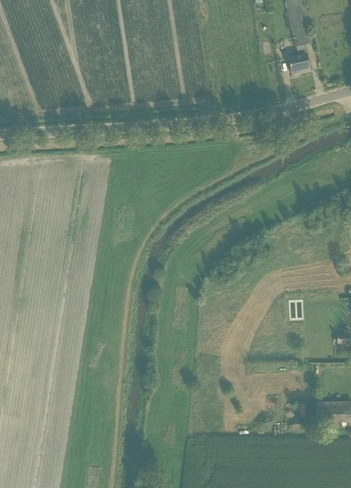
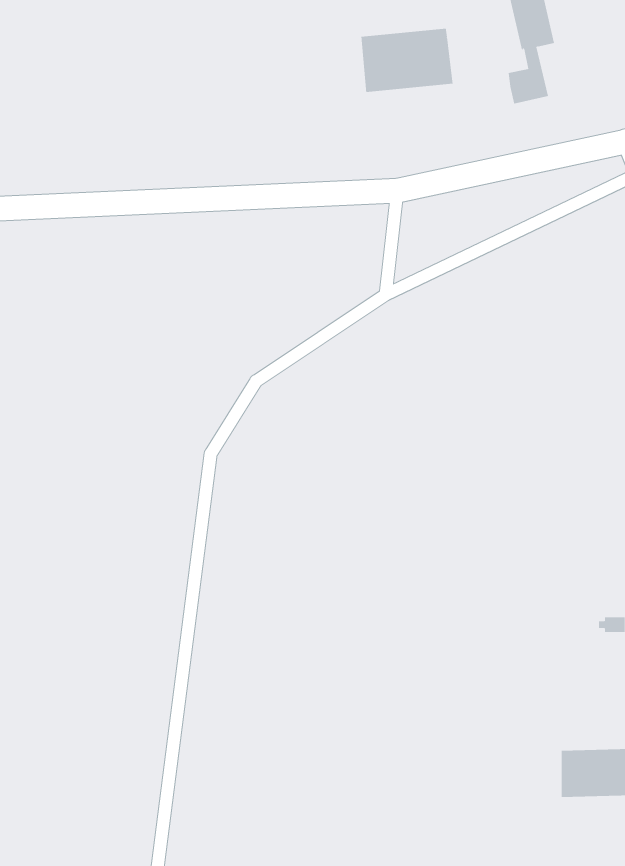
building: none -> [361,28,453,93]

